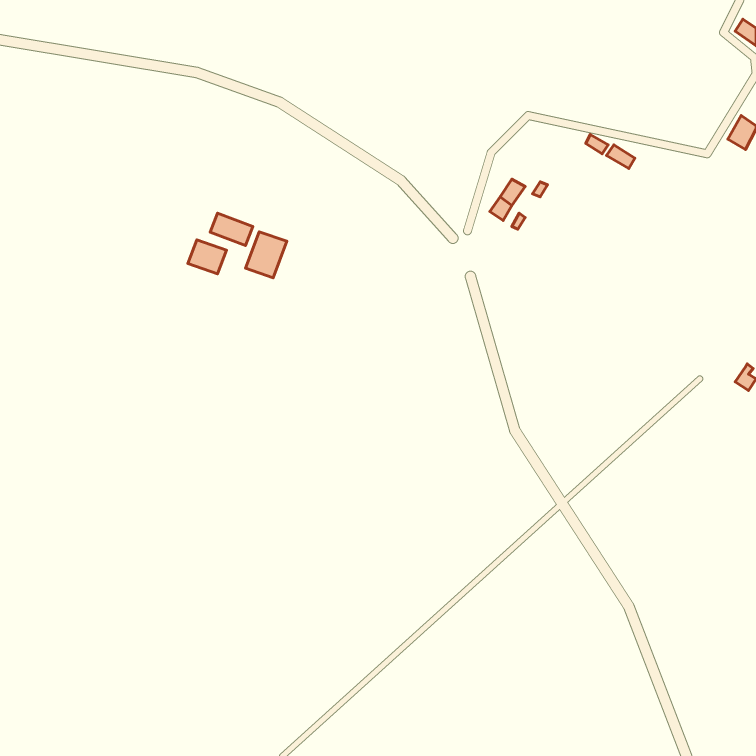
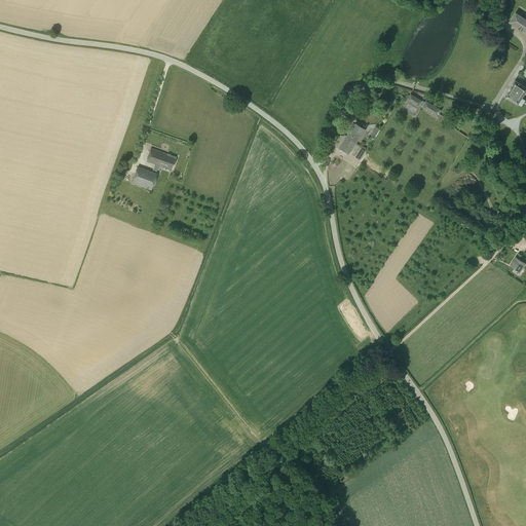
building: [245,232,287,278] -> none

